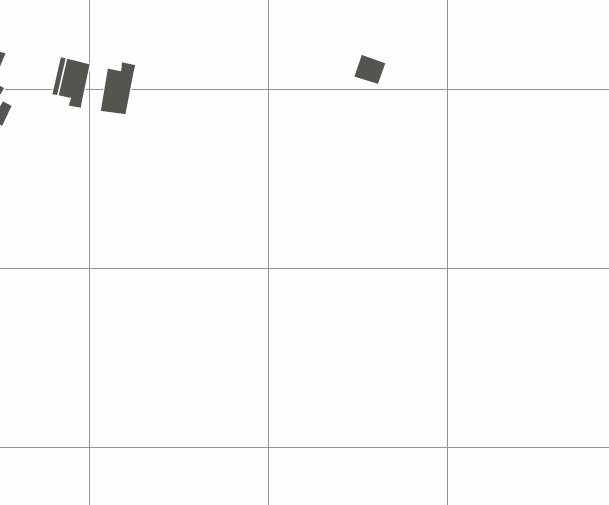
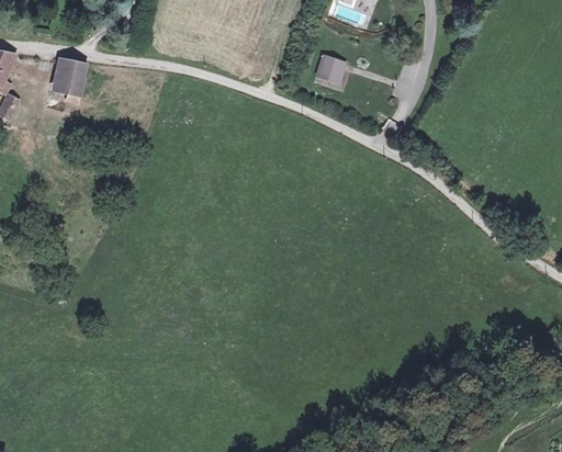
building: [100,61,136,115] -> none

